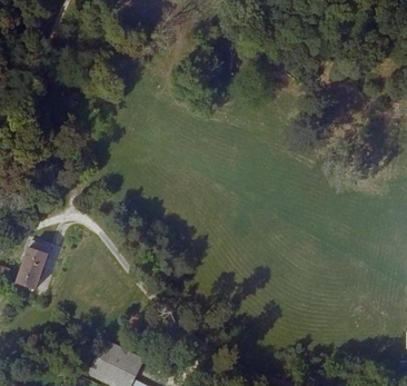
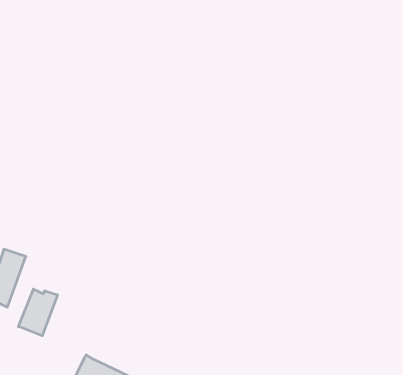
building: none -> [18,289,57,336]

